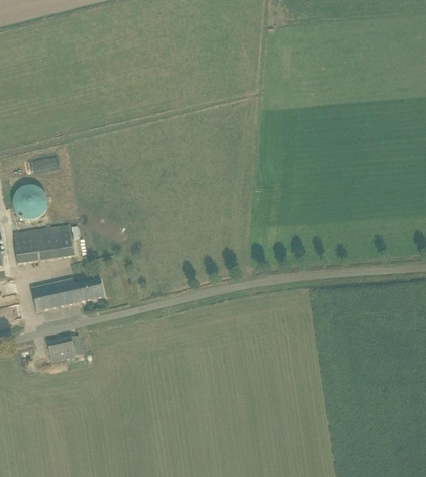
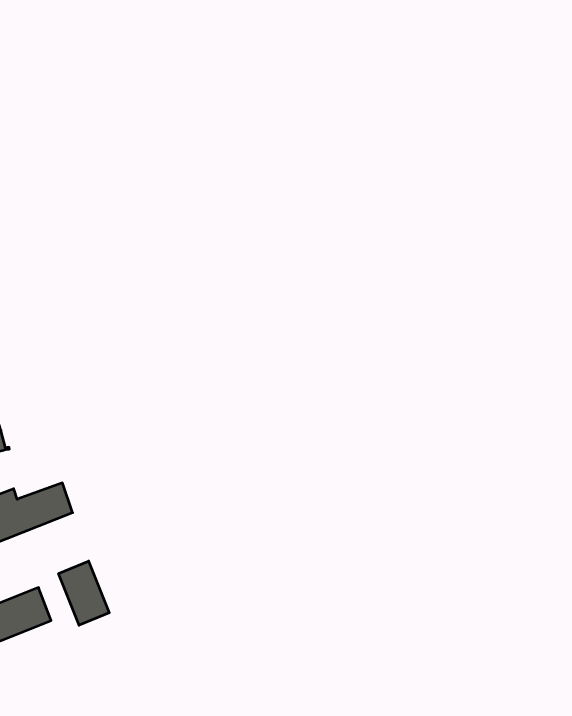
building: none -> [59,561,109,625]

